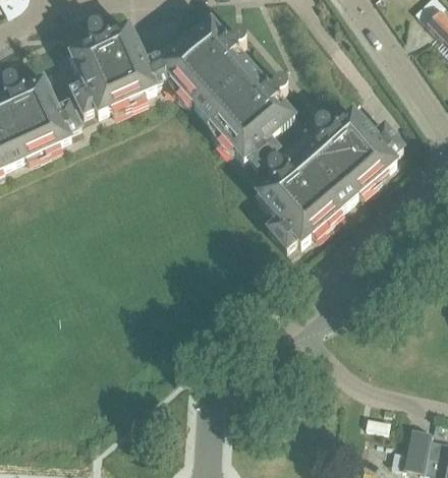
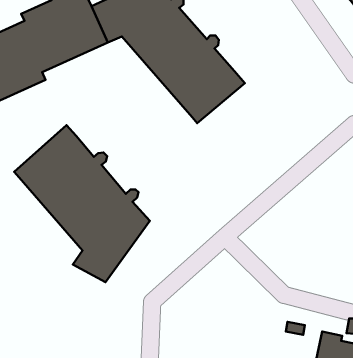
building: [242,101,406,256] -> none
building: none -> [14,125,150,282]

